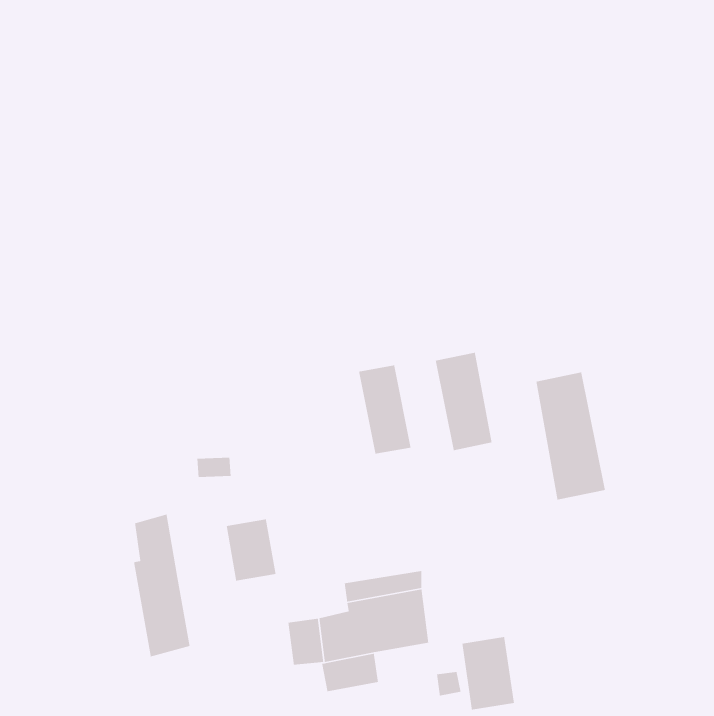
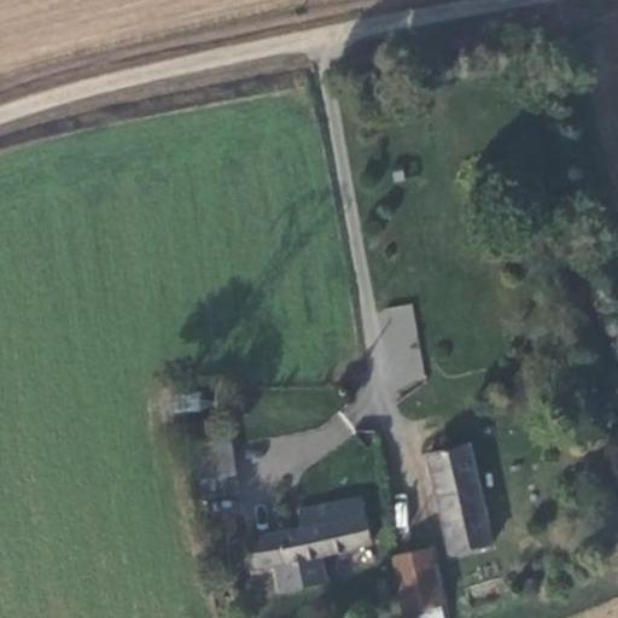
building: [358,365,412,455] -> none
building: [536,372,606,500] -> [430,445,490,556]
building: [133,513,190,658] -> none

